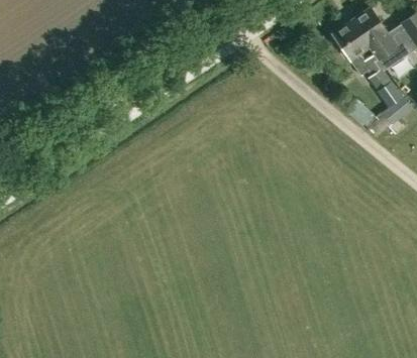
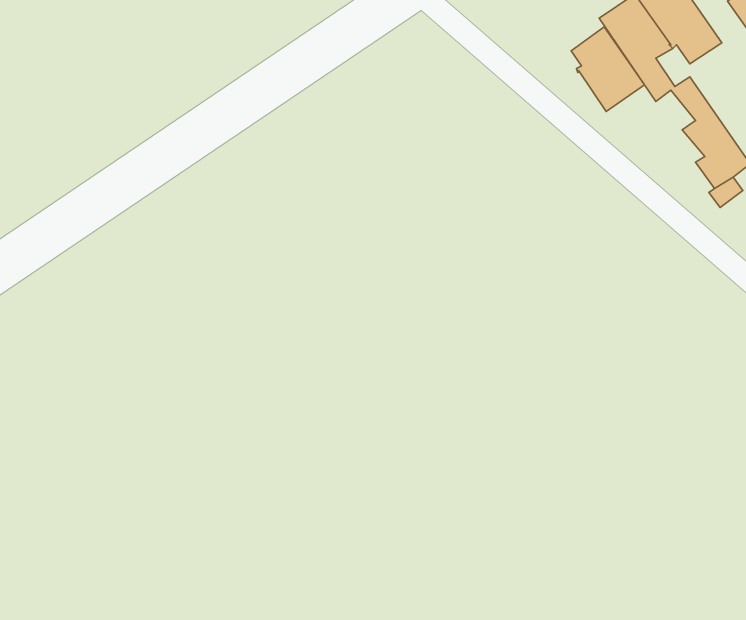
building: none -> [571,27,644,111]

